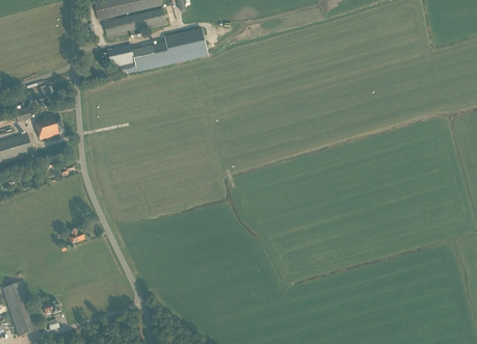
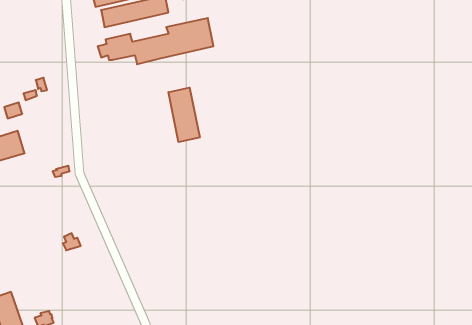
building: none -> [168,88,200,142]
building: [35,114,63,138] -> none

